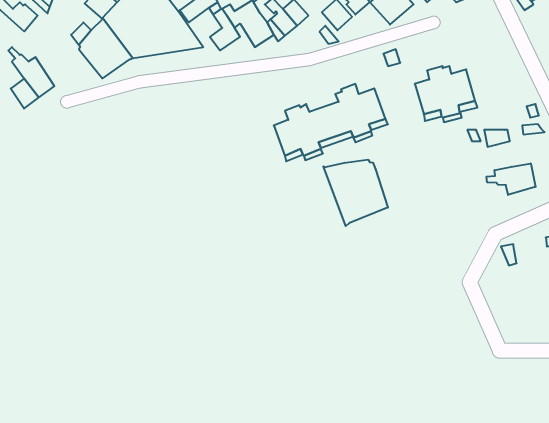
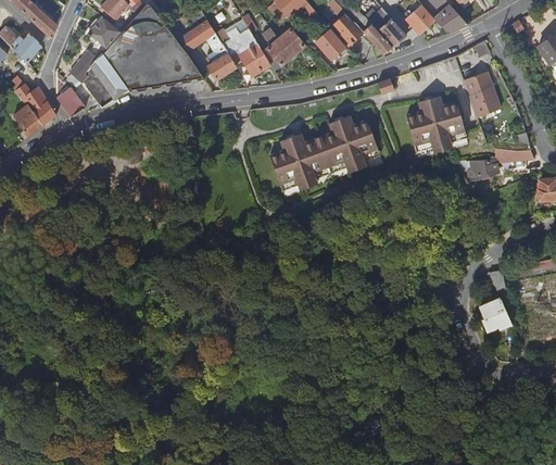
building: none -> [463,72,498,116]
building: none -> [56,88,85,117]
building: [323,160,388,226] -> none
building: [487,163,536,195] -> none
building: none -> [480,297,510,329]

